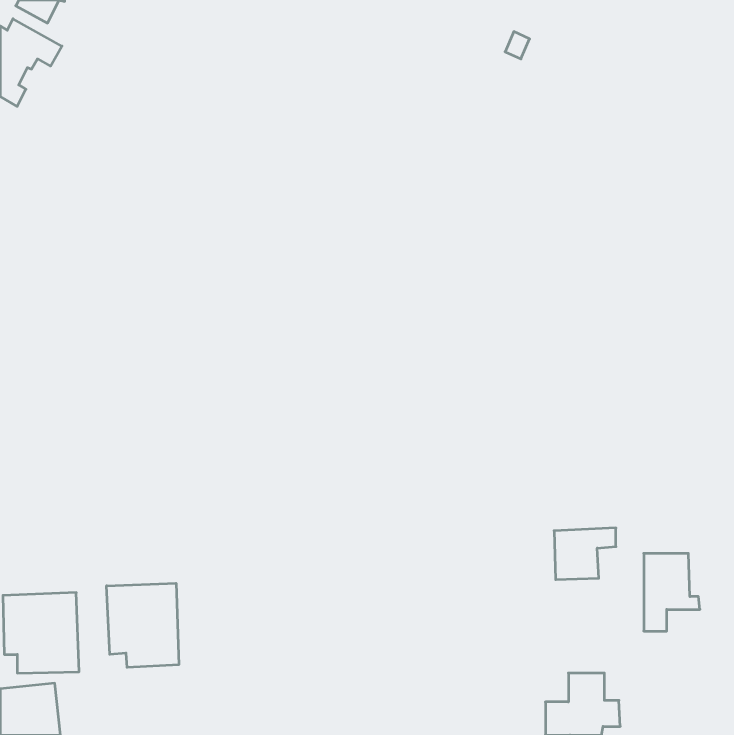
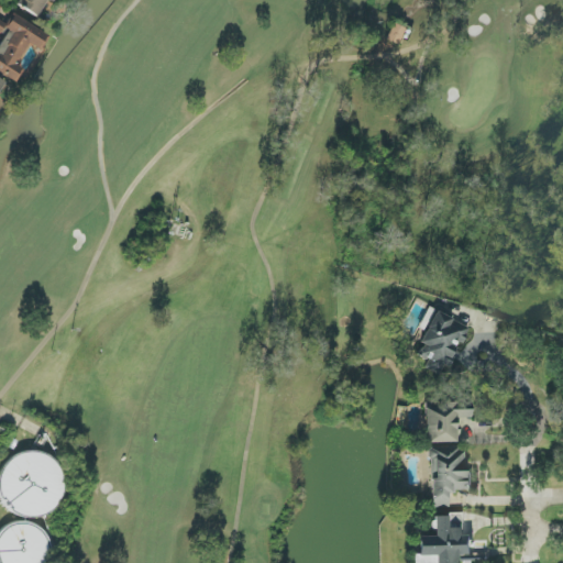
building: none -> [418,311,471,376]
building: [644,553,700,631] -> [431,449,474,508]
building: [107,583,179,667] -> none

